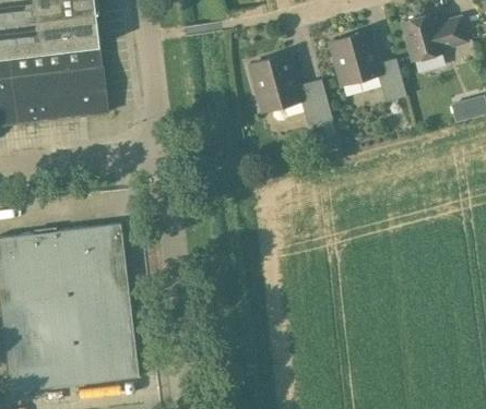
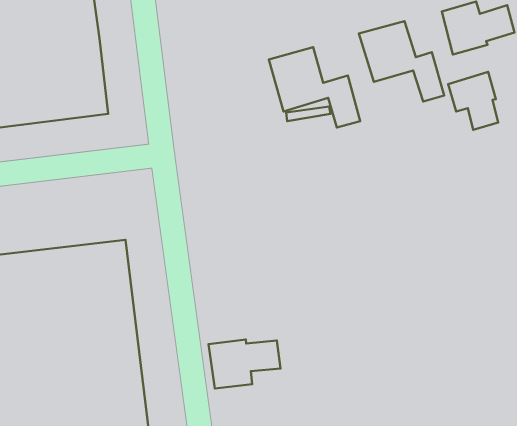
building: none -> [448,72,498,130]
building: none -> [208,340,281,389]

